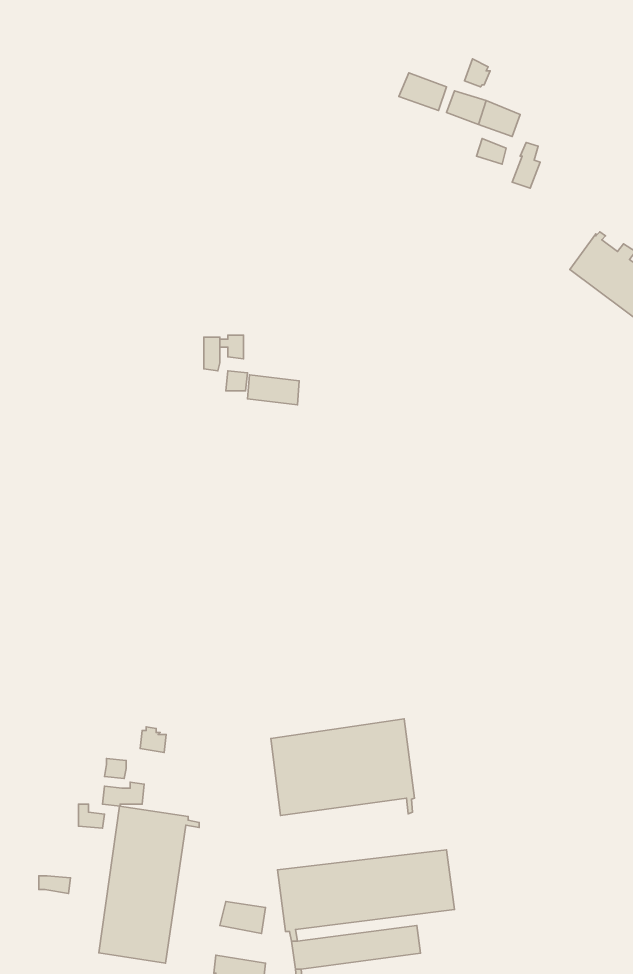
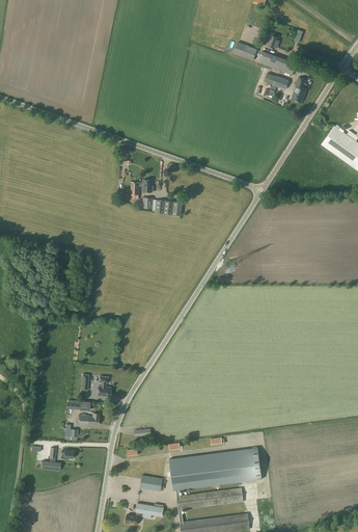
building: [271,719,415,815] -> none
building: [99,806,199,963] -> none

